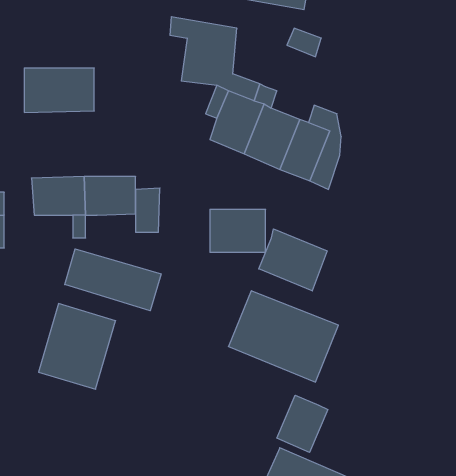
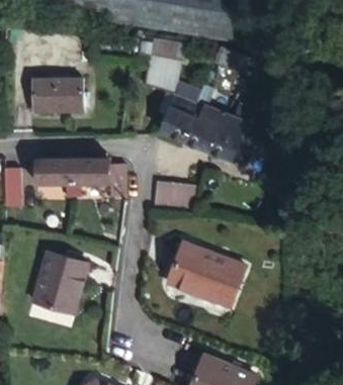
building: [259,229,327,291] -> none
building: [65,249,161,311] -> none
building: [277,395,328,452] -> none

